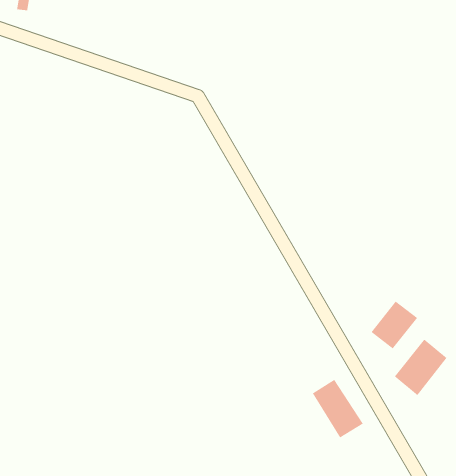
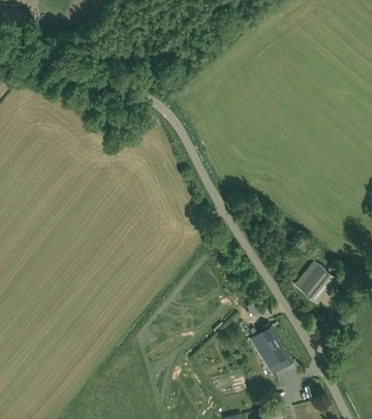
building: [394,338,448,396] -> none

